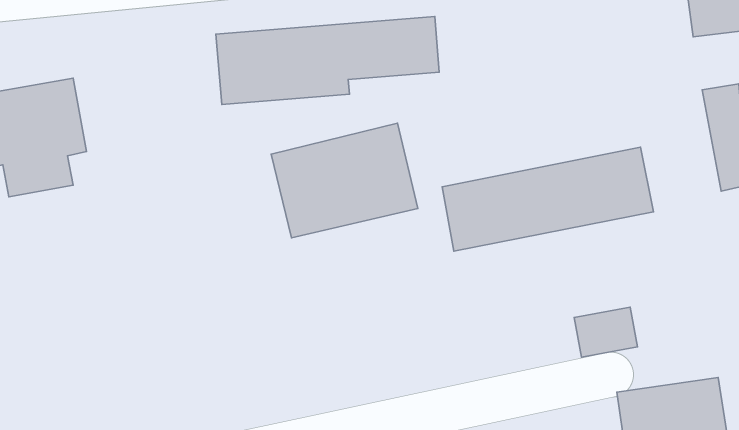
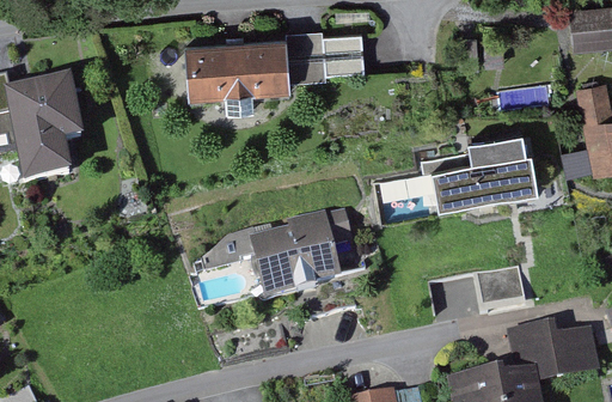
building: [271,123,418,238] -> [225,209,344,303]

